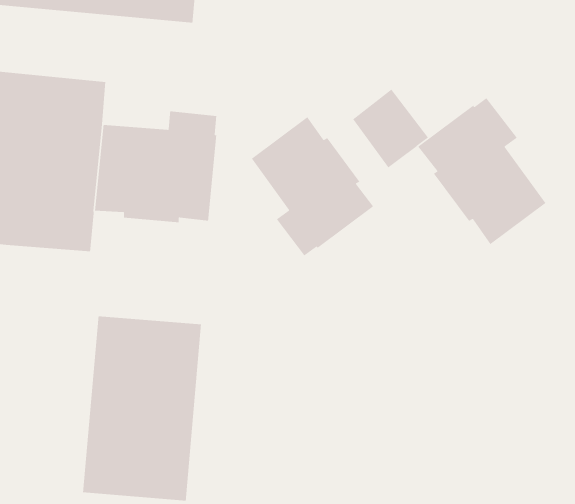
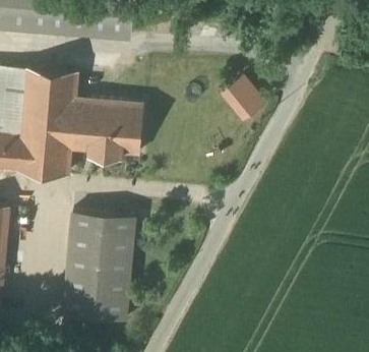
building: [417,97,546,245] -> none
building: [251,116,374,257] -> none

